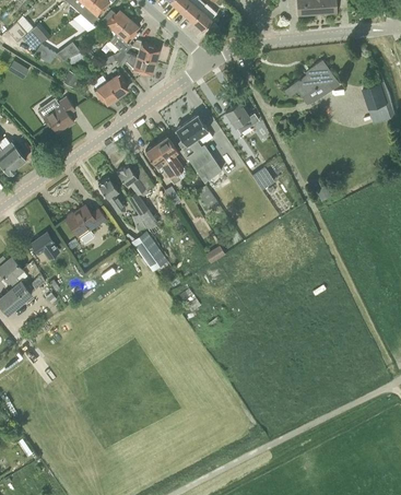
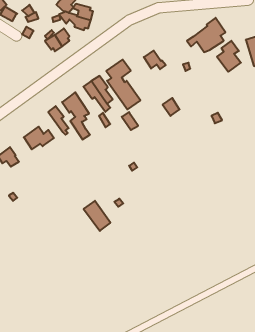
building: none -> [217,41,241,72]
building: [43,97,75,132] -> none
building: [131,232,167,272] -> [84,201,110,231]

